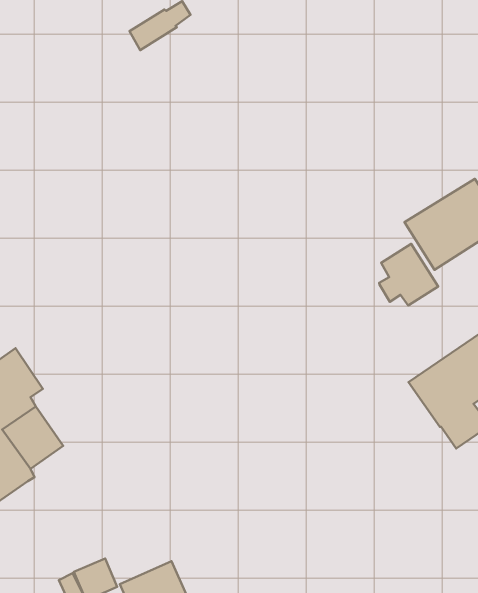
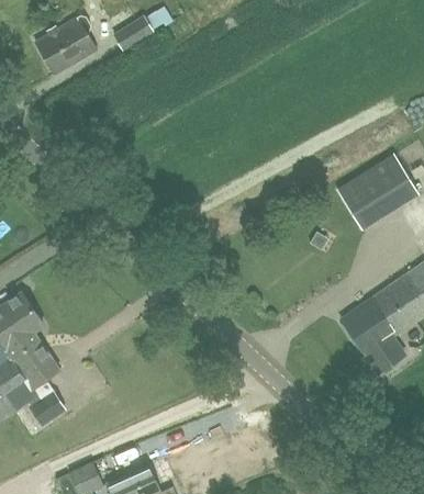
building: none -> [35,18,96,74]
building: [379,244,438,306] -> none
building: none -> [32,391,66,425]

